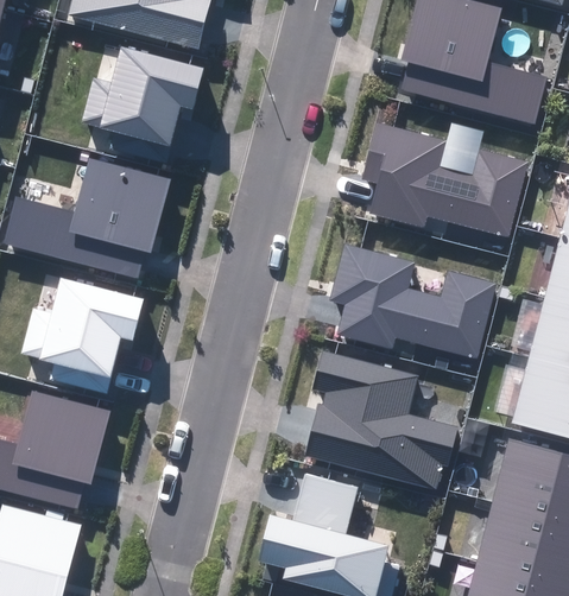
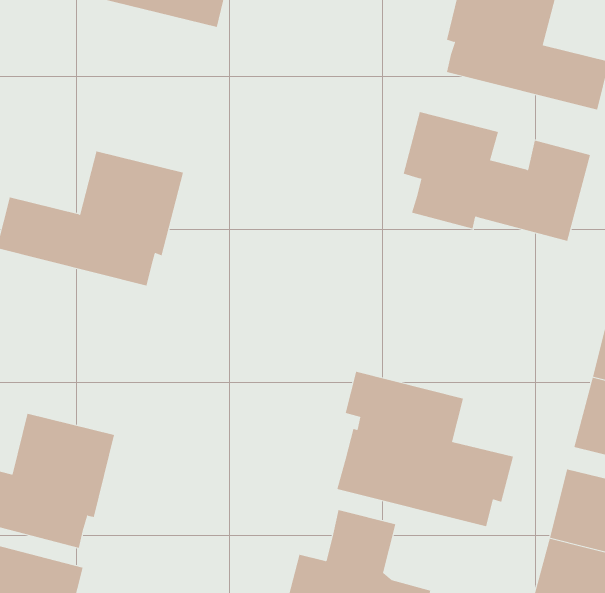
building: [83,47,206,165] -> none
building: [328,245,498,360] -> none
building: [21,277,147,392] -> none

